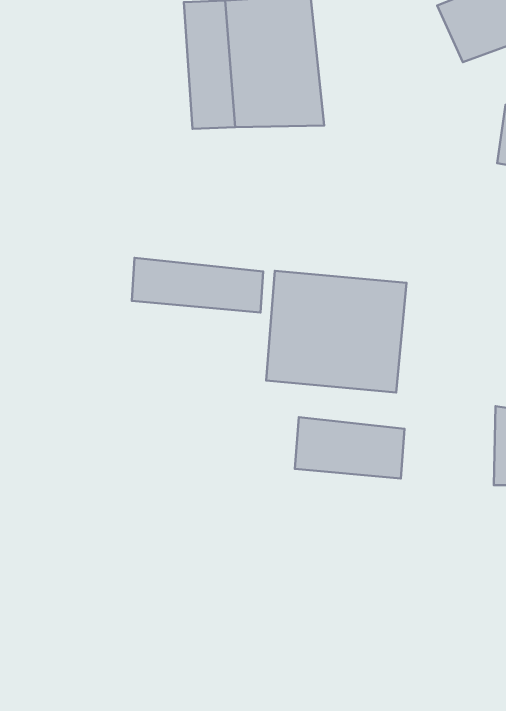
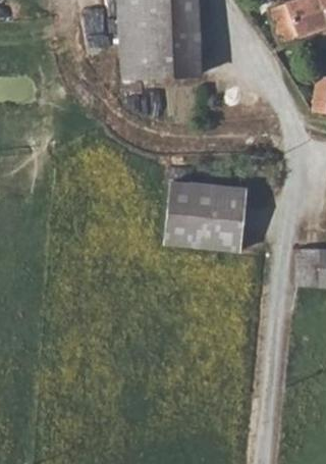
building: [132,258,263,312] -> none
building: [295,417,405,479] -> none

